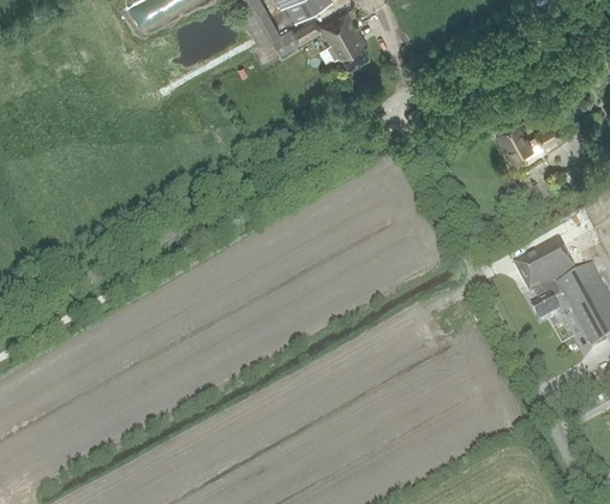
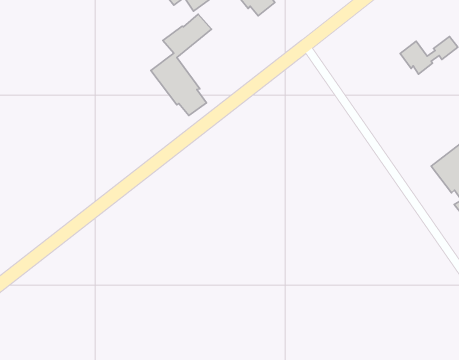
building: none -> [151,14,211,115]

